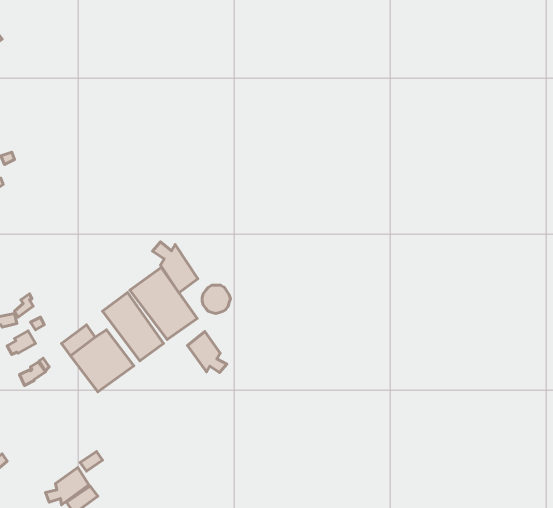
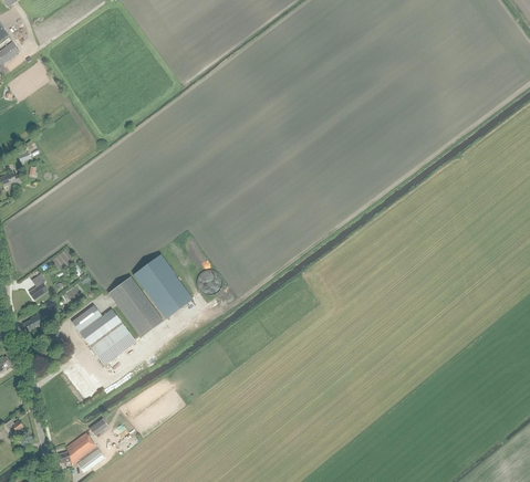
building: [153,242,198,293] -> none
building: [187,332,227,373] -> none

